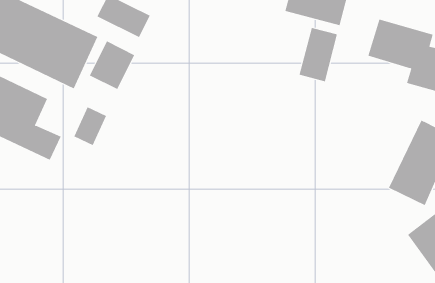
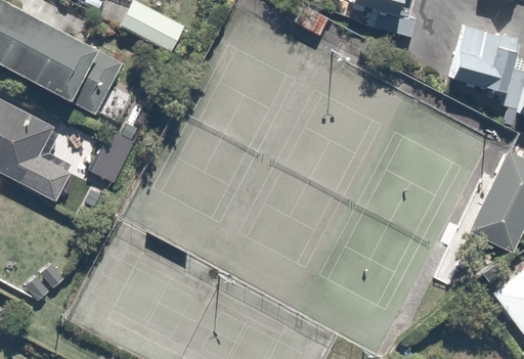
building: [299,27,338,82] -> none
building: [89,41,135,90] -> none

